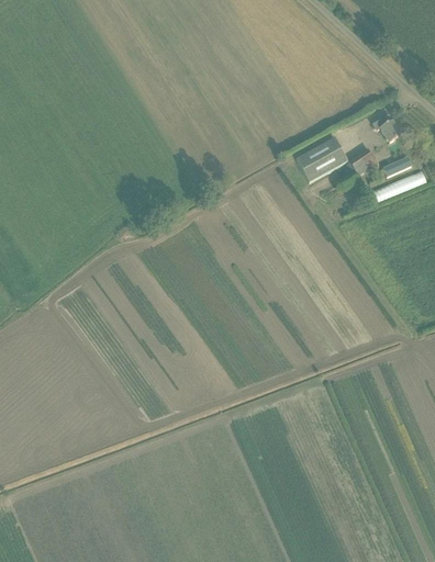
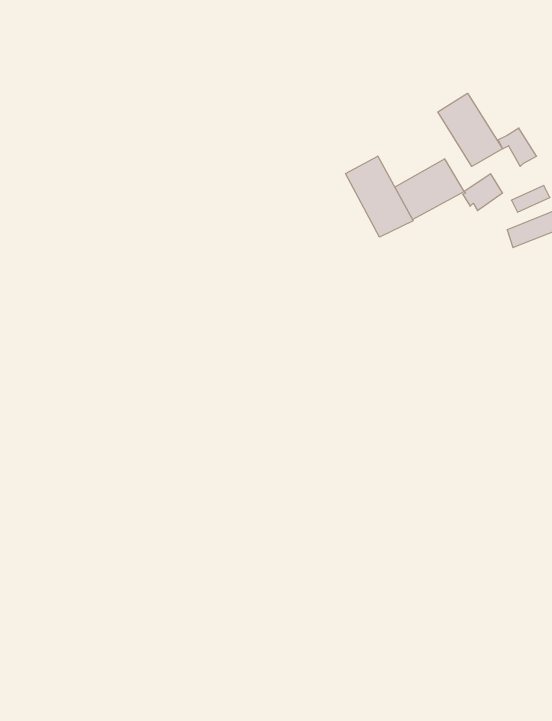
building: none -> [438,93,503,166]
building: none -> [346,156,413,237]

